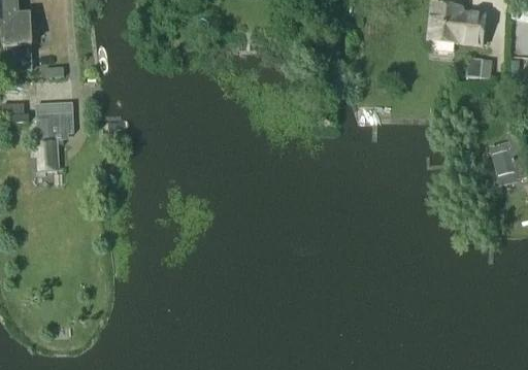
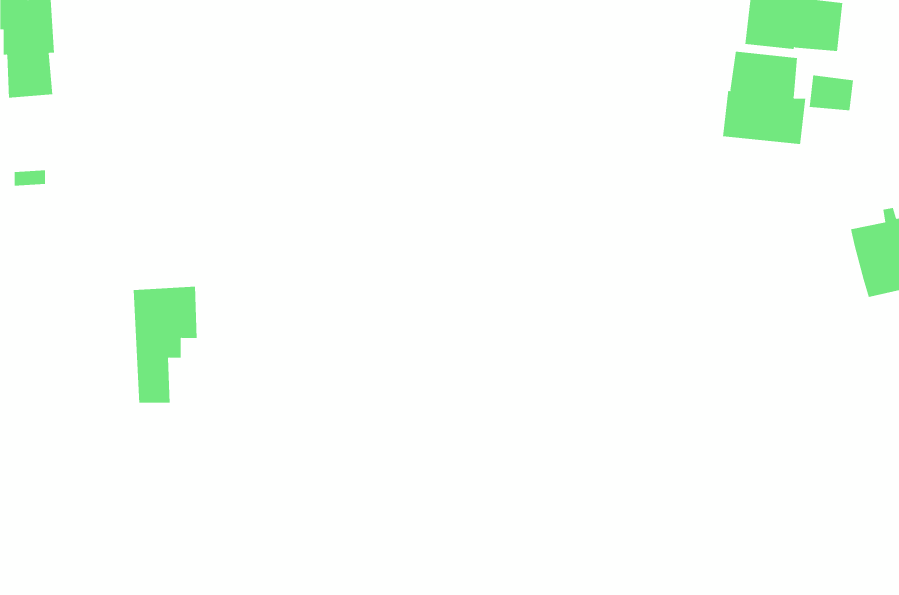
building: none -> [722,51,806,145]
building: [36,101,73,168] -> [133,286,198,403]

